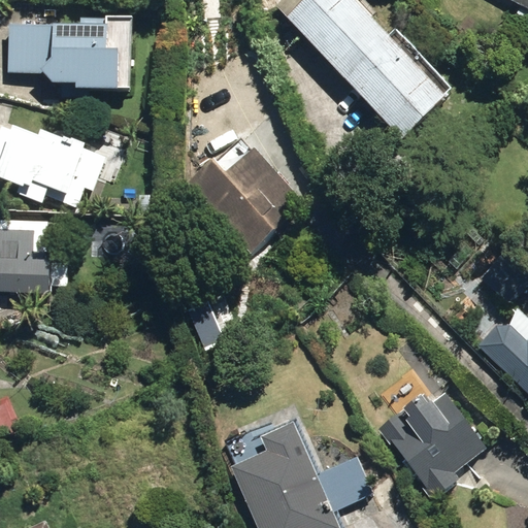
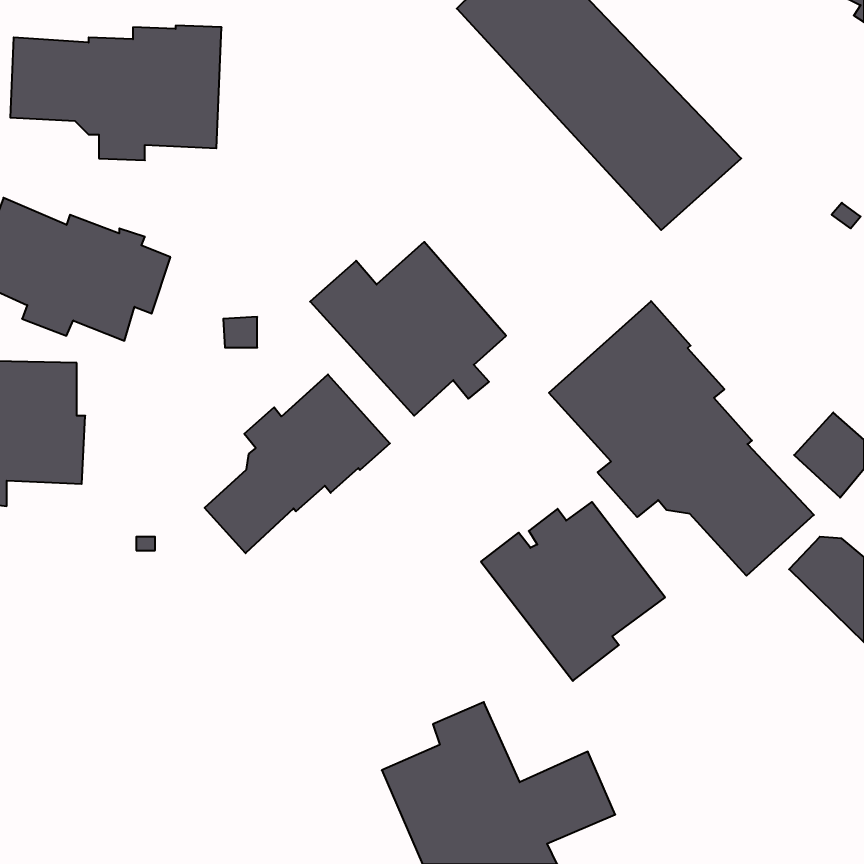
building: none -> [549,301,814,576]
building: none -> [205,374,390,553]
building: [376,391,488,499] -> [481,502,665,681]

